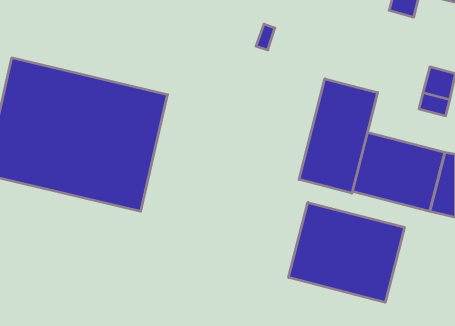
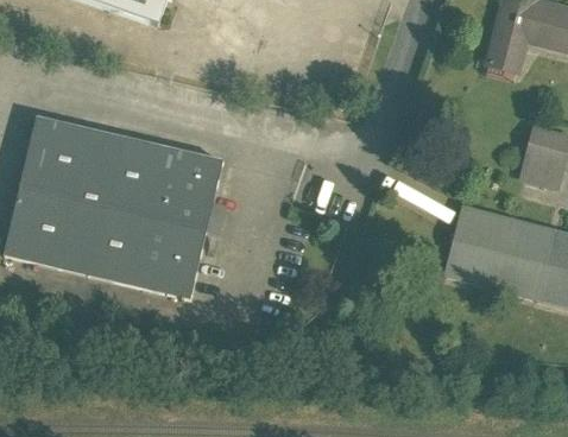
building: [299,79,378,193] -> none
building: [289,202,404,302] -> none

